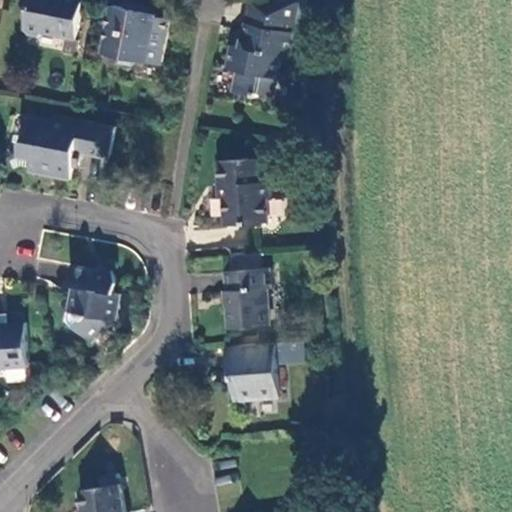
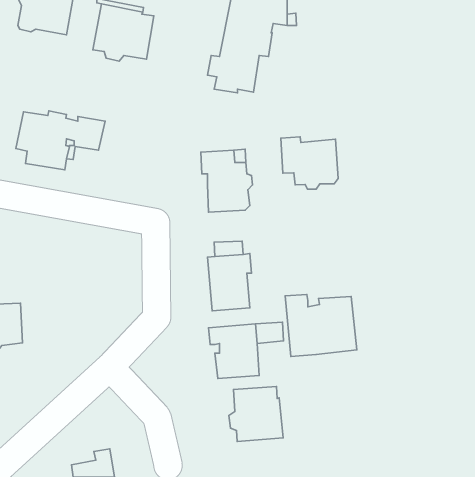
building: none -> [281,137,338,189]
building: [67,269,132,344] -> none
building: none -> [285,295,357,357]
building: none -> [229,387,283,442]

